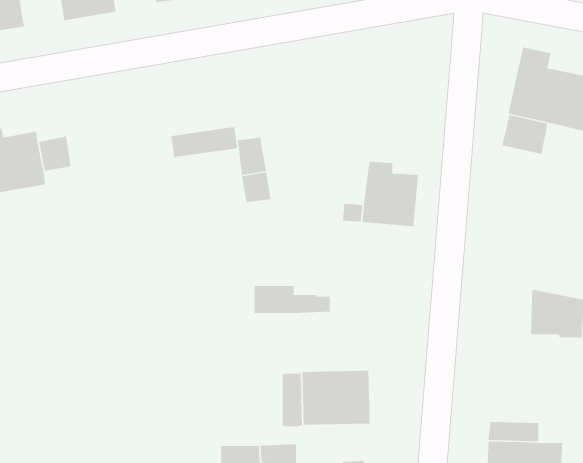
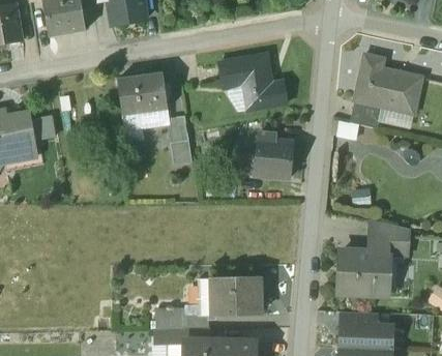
building: none -> [218,55,286,111]
building: none -> [117,72,168,115]
building: [254,285,331,314] -> [156,308,209,328]
building: none -> [338,251,389,294]

